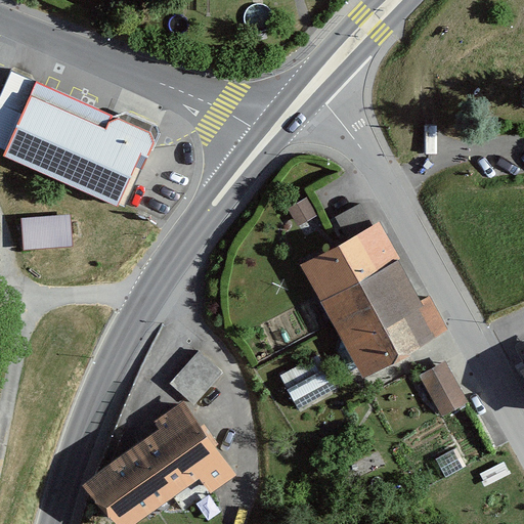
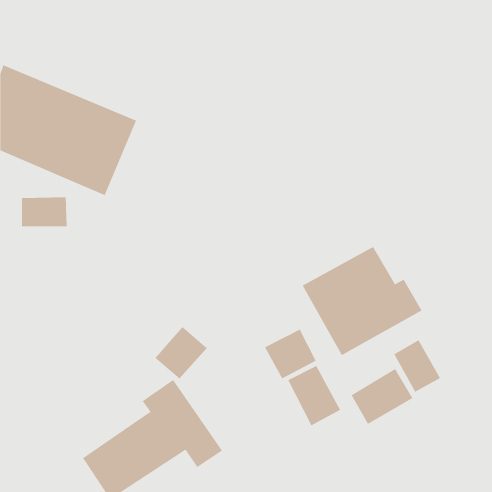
building: [298,221,400,304] -> none
building: none -> [287,365,341,426]
building: none -> [351,368,413,425]

